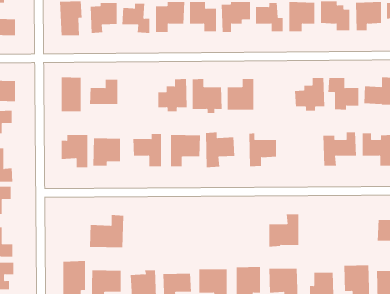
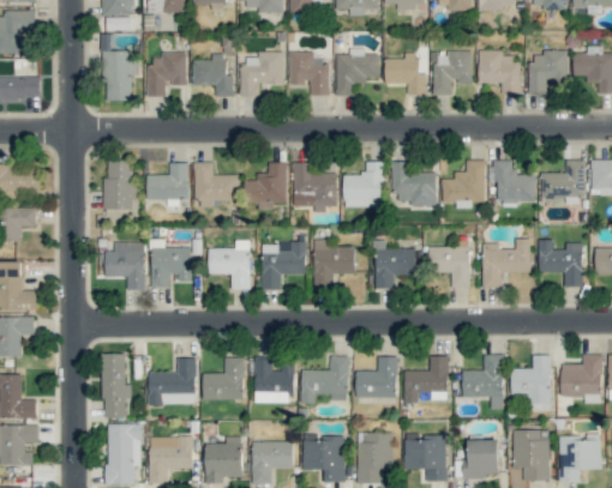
building: none -> [193,162,238,207]
building: none -> [392,162,436,206]
building: none -> [427,245,469,288]
building: none -> [101,354,131,418]
building: none -> [461,355,504,410]
building: none -> [510,355,551,411]
building: none -> [300,356,348,404]
building: none -> [355,356,397,399]
building: none -> [202,357,244,400]
building: none -> [253,357,293,403]

